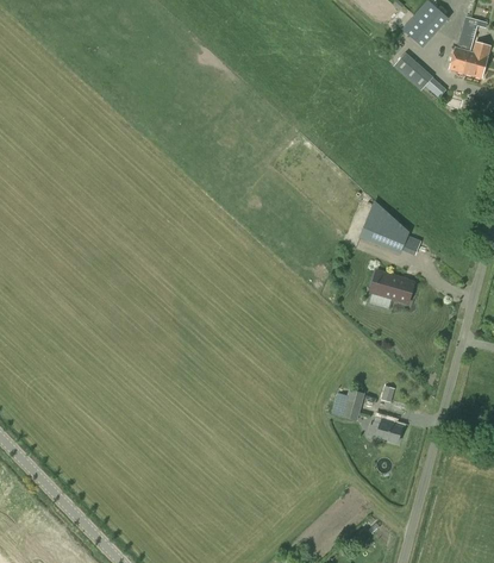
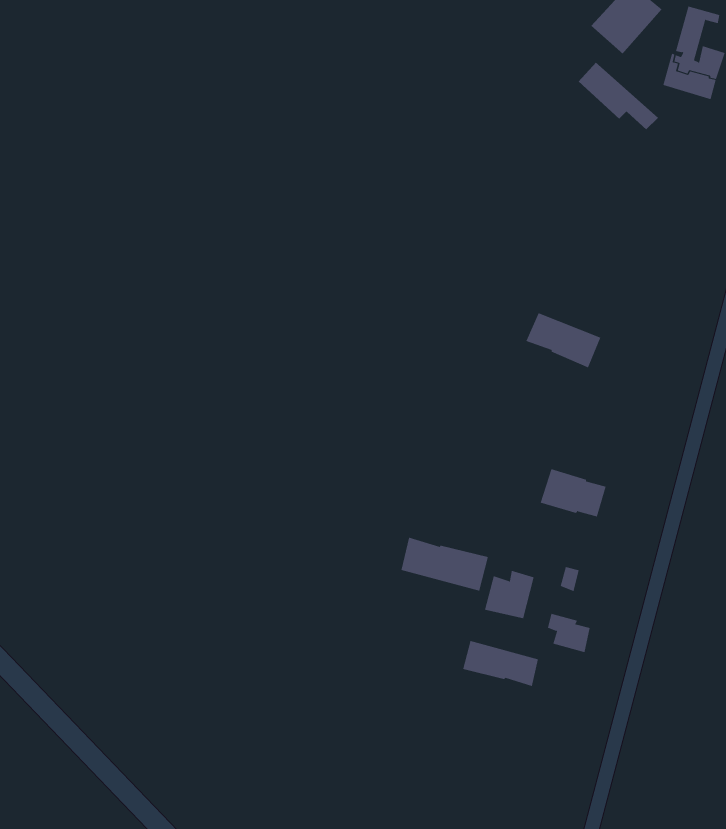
building: [369,270,413,302] -> [540,469,607,517]
building: none -> [401,537,489,592]
building: none -> [463,640,539,687]

